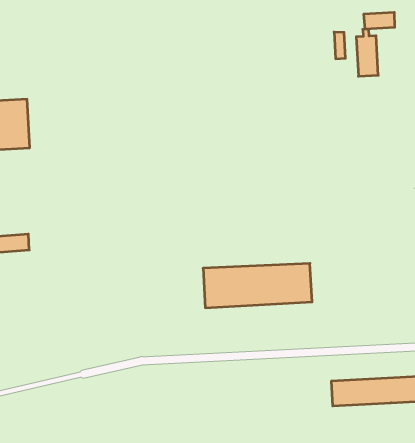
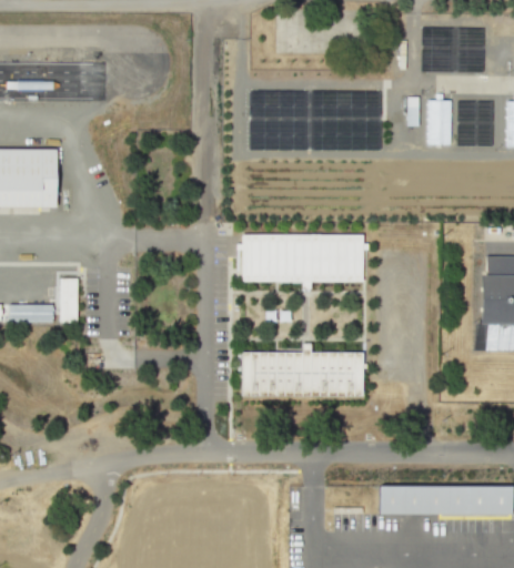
building: [364,12,395,29] -> none
building: none -> [243,233,363,280]
building: none -> [57,277,74,322]

